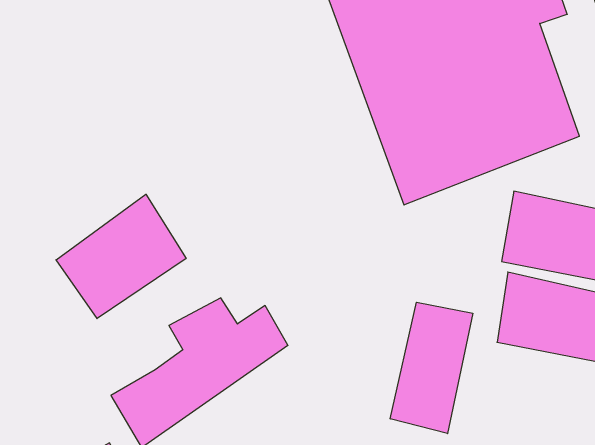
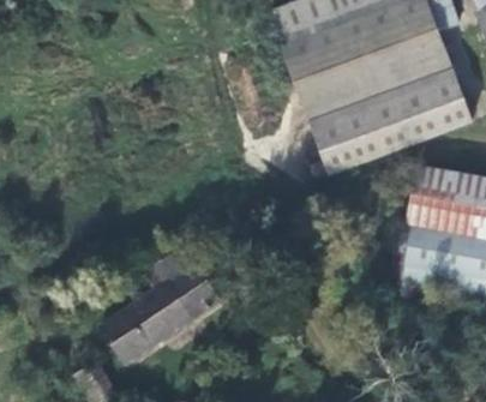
building: [56,194,186,319] -> none
building: [390,302,473,434] -> none

